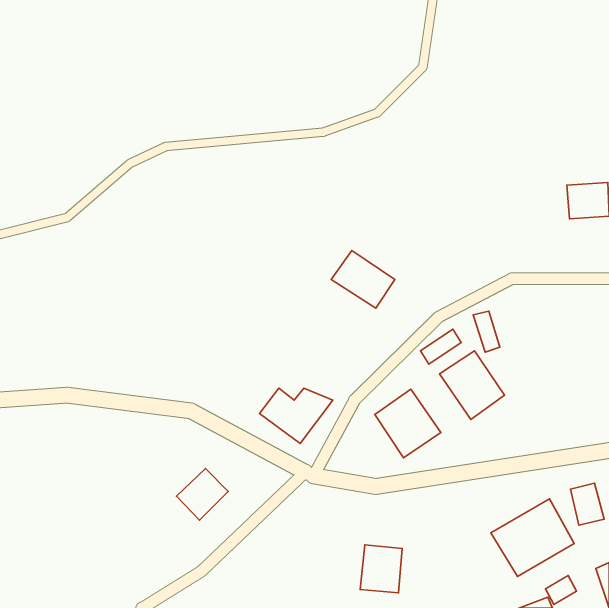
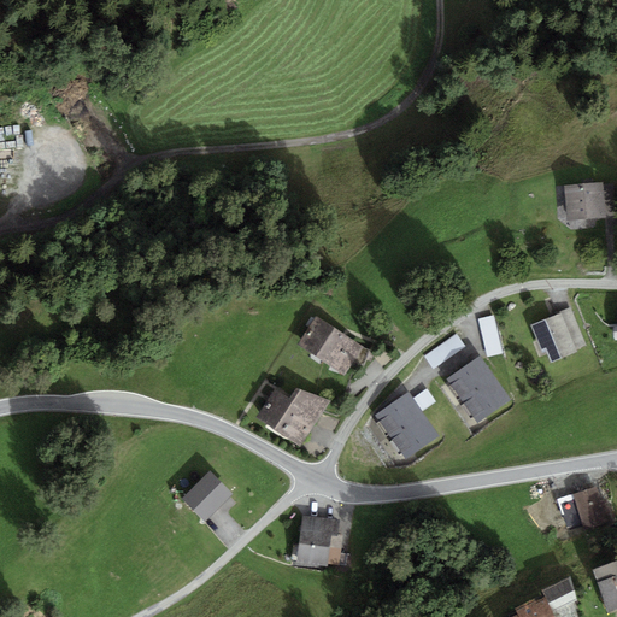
building: [331,251,395,308] -> [302,317,366,375]
building: none -> [530,311,577,362]
building: [491,499,574,577] -> none
building: [360,545,402,593] -> [296,515,339,563]

